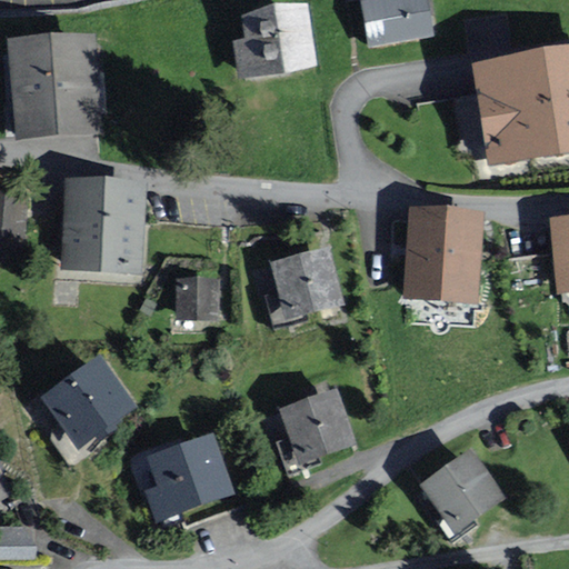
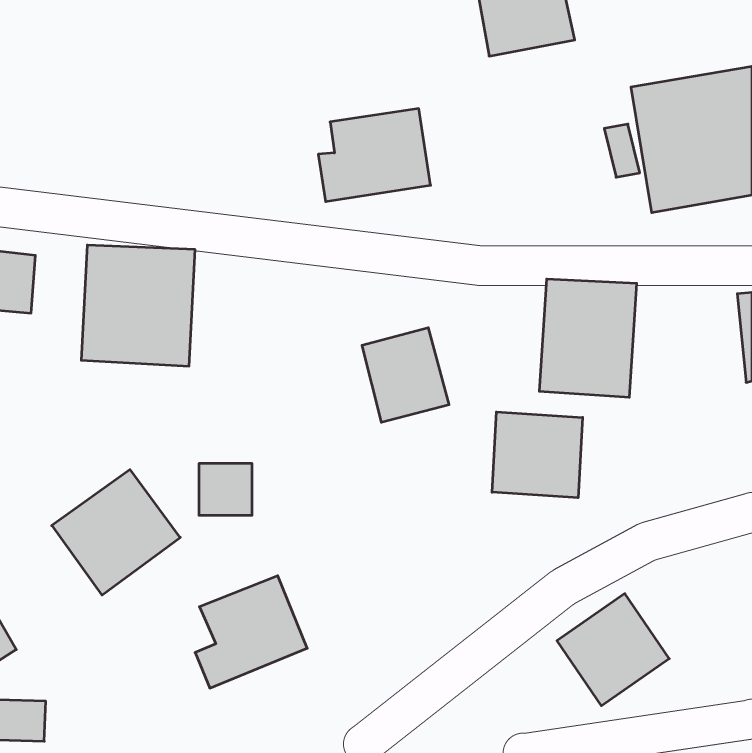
building: [231,12,316,82] -> [318,109,431,202]
building: [8,33,100,134] -> none
building: [177,278,217,317] -> [199,464,252,515]
building: none -> [492,412,583,498]
building: [281,390,350,459] -> none

